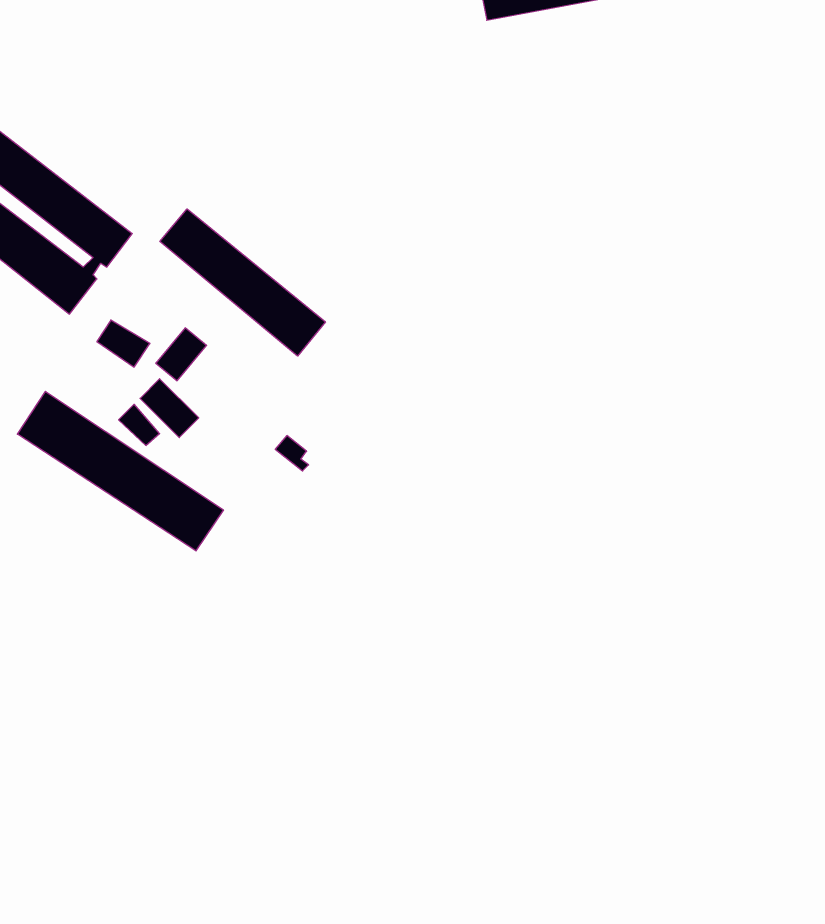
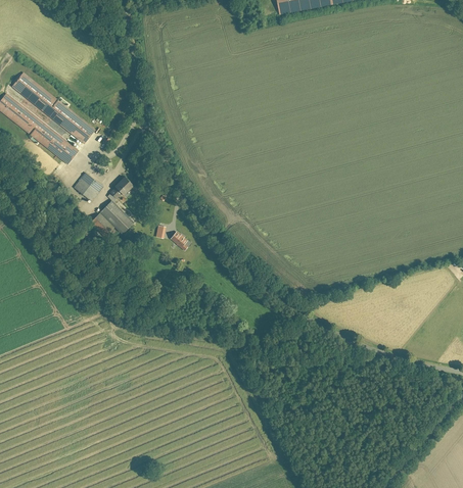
building: [160,209,325,356] -> none
building: [17,391,223,551] -> none

